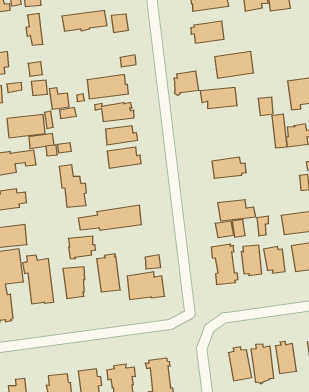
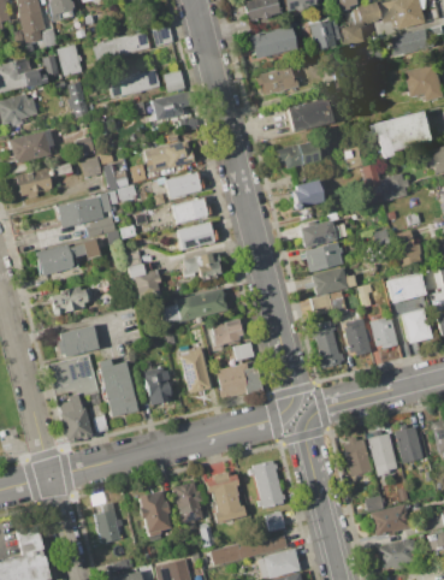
building: none -> [150,89,195,119]
building: [174,71,199,95] -> [292,179,322,209]
building: none -> [182,253,220,280]
building: none -> [301,242,342,271]
building: [68,236,95,259] -> [211,319,243,348]

